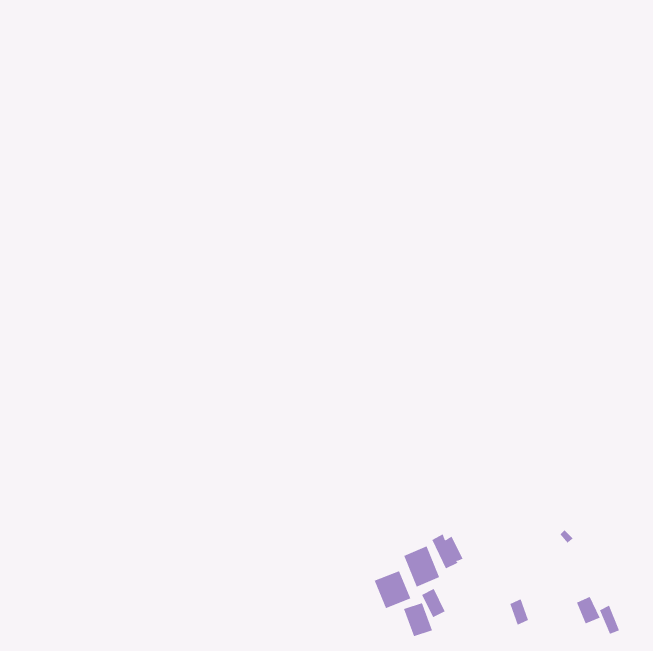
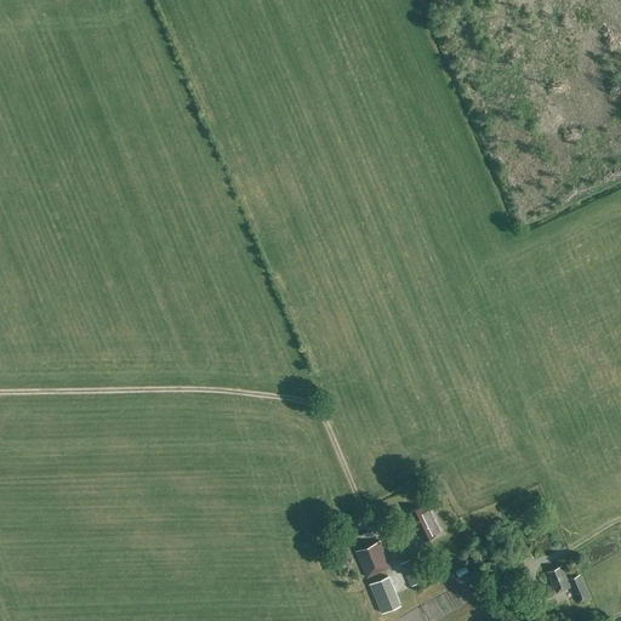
building: [403,546,440,587] -> none

